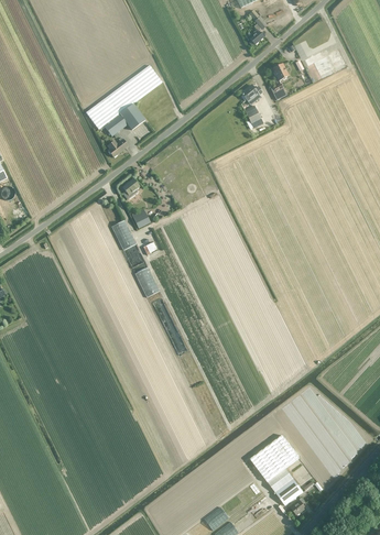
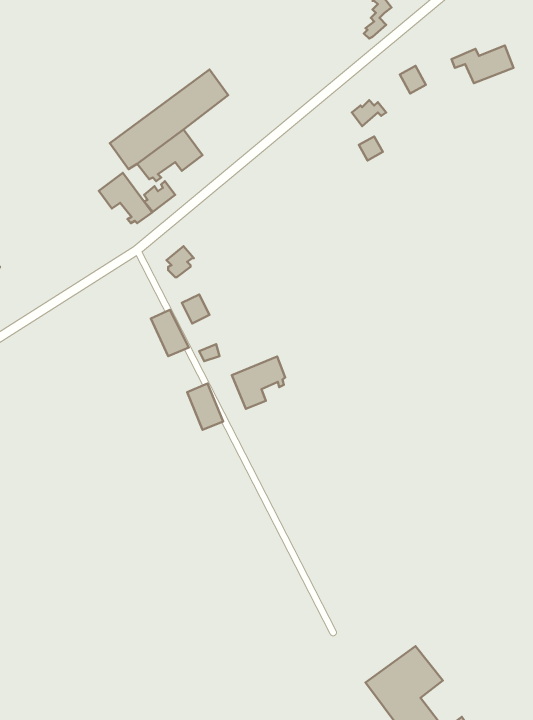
building: none -> [99,173,152,223]
building: none -> [232,357,285,409]

